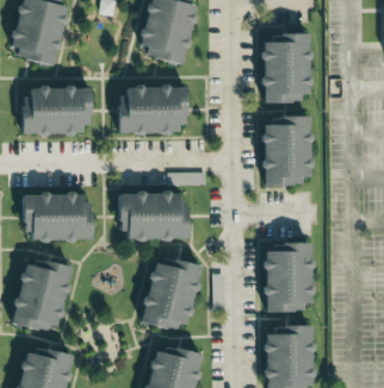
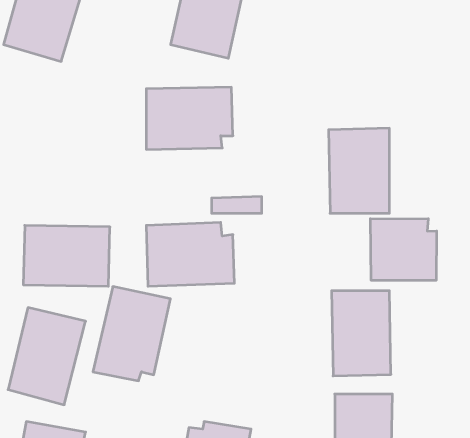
building: [262,36,311,102] -> none
building: [21,87,92,136] -> none
building: none -> [370,219,437,280]
building: [141,257,202,331] -> [93,287,170,381]

